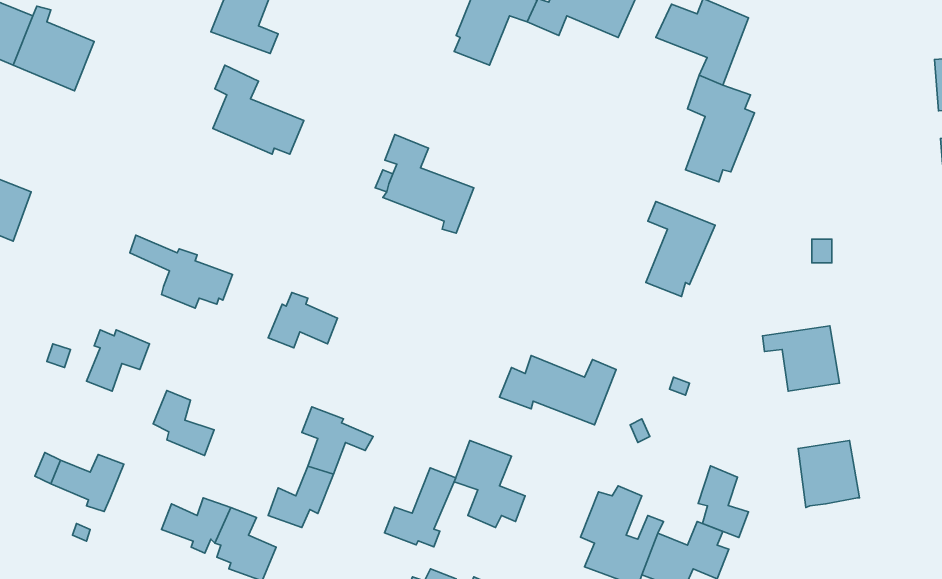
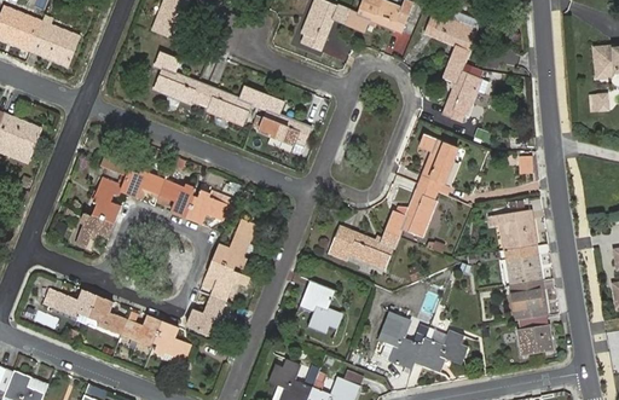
building: none -> [199,85,264,126]
building: none -> [93,178,122,221]
building: none -> [158,179,195,218]
building: none -> [384,184,439,237]
building: none -> [504,245,542,285]
building: [153,390,214,456] -> [89,295,127,335]
building: [698,466,749,537] -> none
building: [385,468,456,547] -> [213,220,256,268]
building: none -> [516,315,553,355]

